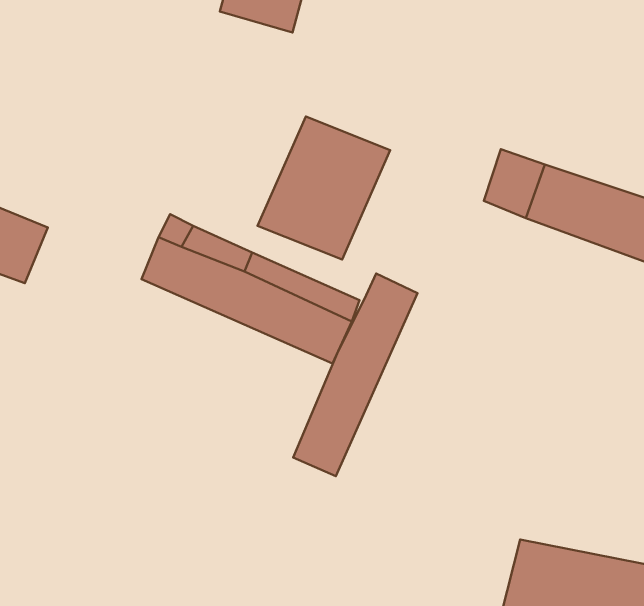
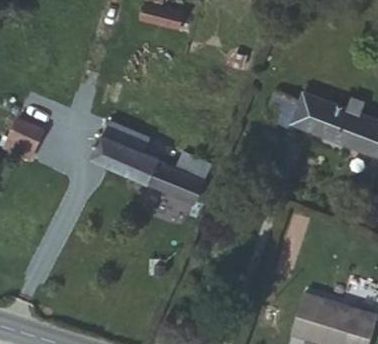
building: [258,116,390,260] -> none
building: [293,274,418,476] -> none

